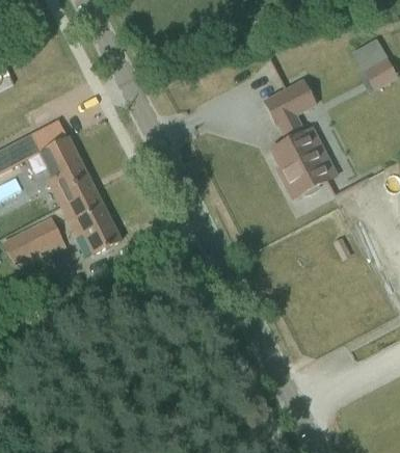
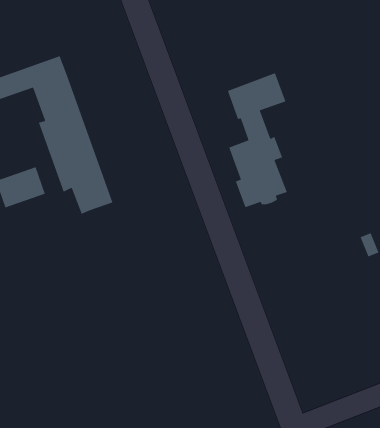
building: [265,80,329,198] -> [227,72,290,208]

